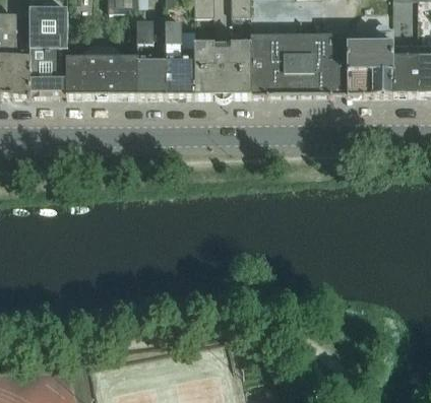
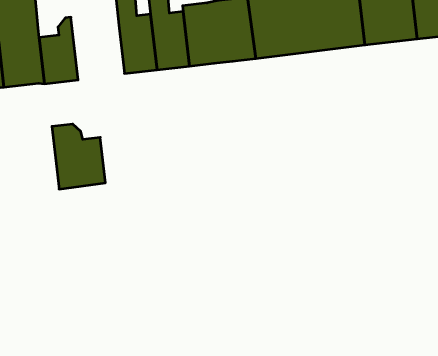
building: [96,41,136,95] -> [52,124,105,189]

